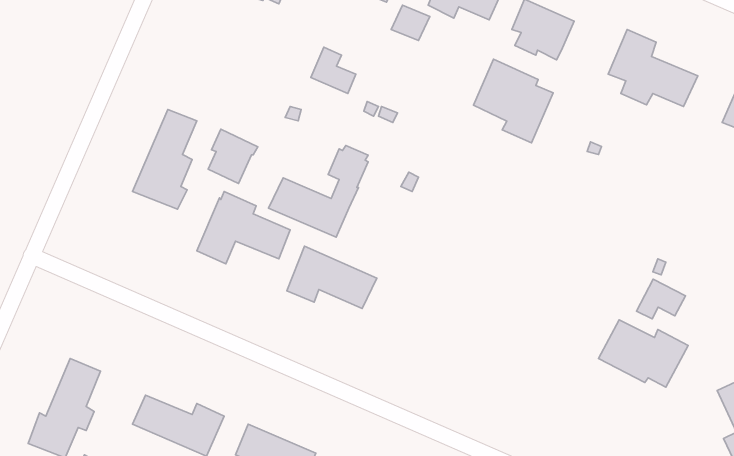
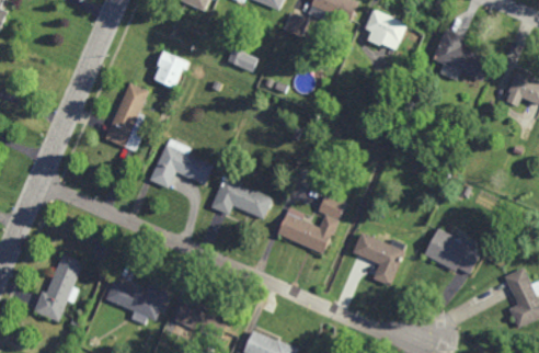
building: [473,59,553,143] -> none
building: [208,129,258,184] -> [154,52,188,89]
building: [269,146,368,237] -> [276,191,344,253]
building: [636,279,685,319] -> none
building: none -> [352,230,405,284]

